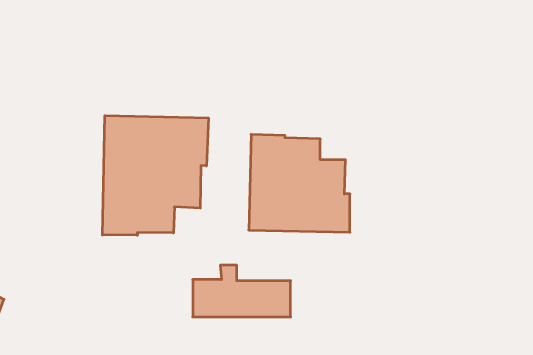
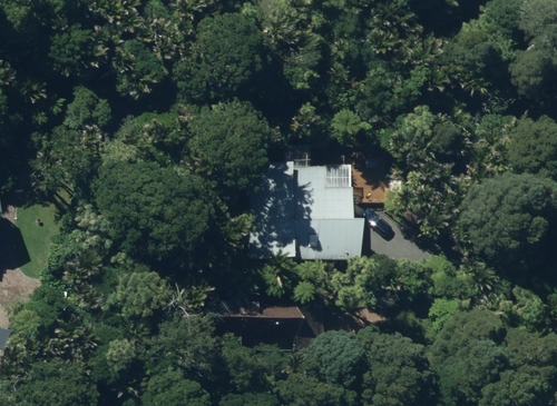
building: [102,116,208,235] -> none

